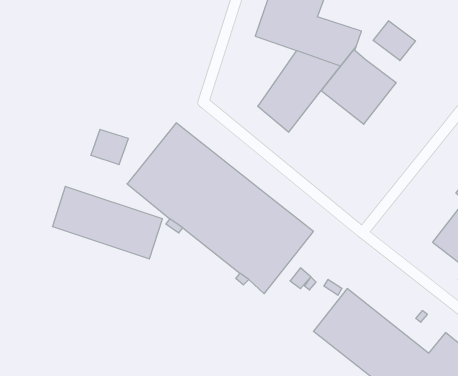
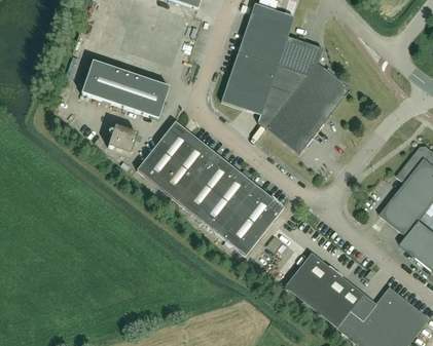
building: [373,21,415,61] -> none
building: none -> [221,51,270,107]
building: none -> [264,94,324,154]
building: [52,186,162,259] -> [81,61,169,118]

